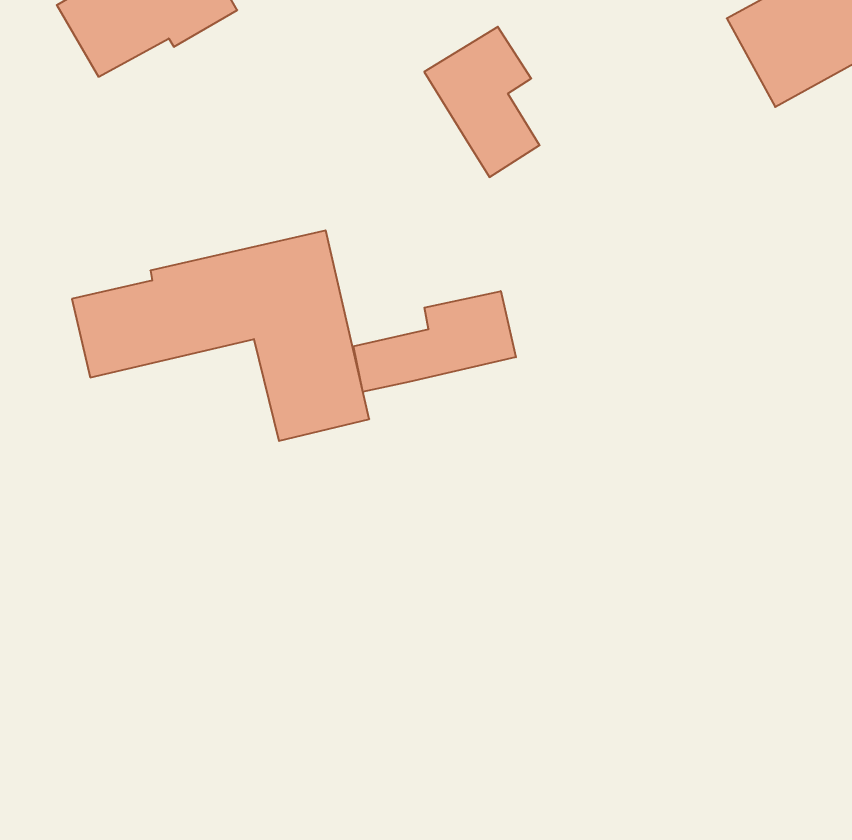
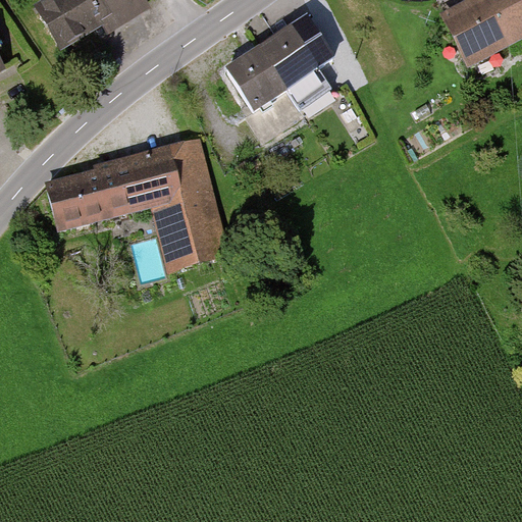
building: none -> [226,44,288,109]
building: [354,291,516,392] -> none

